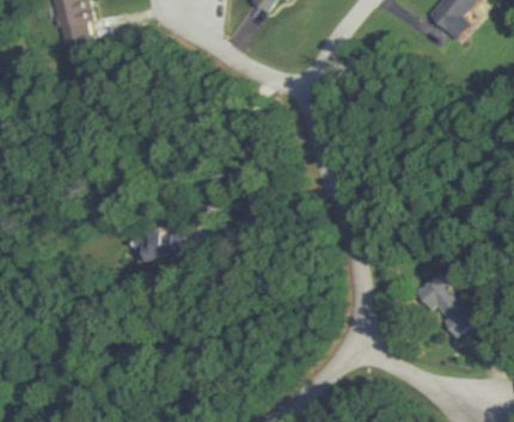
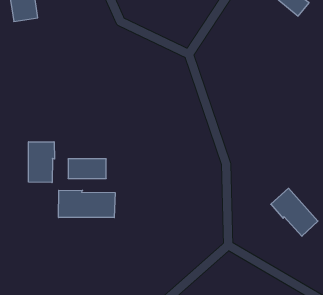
building: none -> [29,142,54,183]
building: none -> [59,190,115,218]

